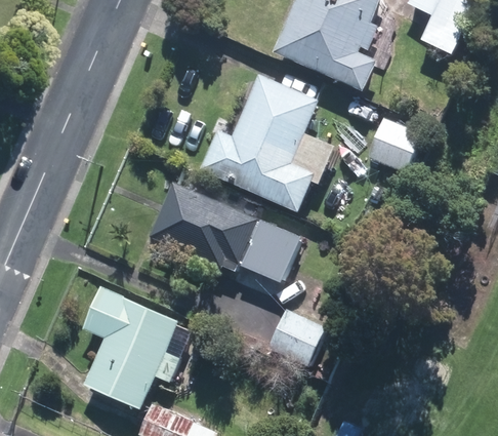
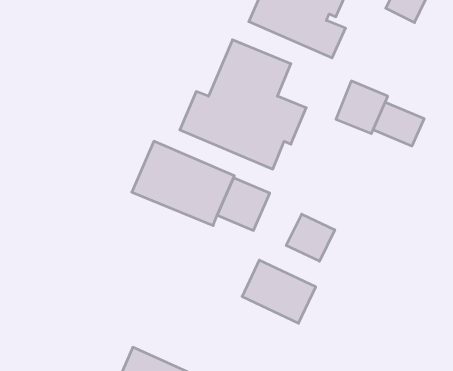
building: none -> [373,102,424,146]
building: none -> [286,214,335,261]
building: [82,285,181,409] -> none

